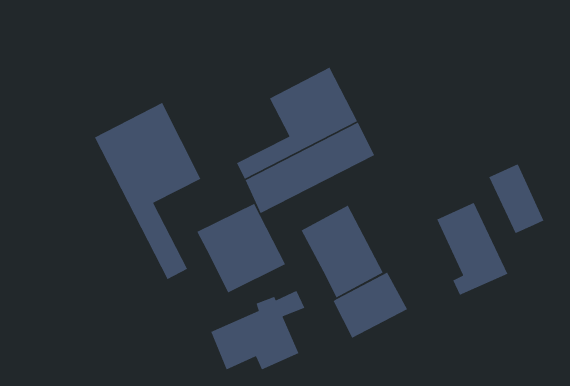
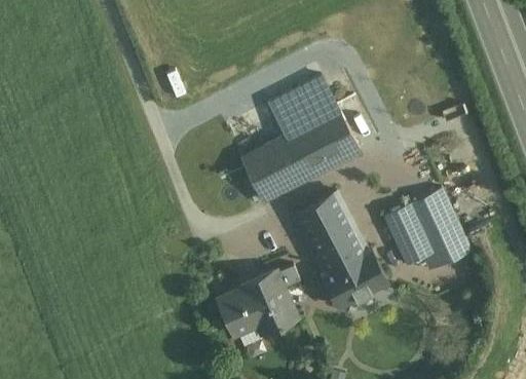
building: [94,102,202,280] -> none
building: [488,163,544,234] -> [383,203,430,263]
building: [196,203,286,293] -> none

